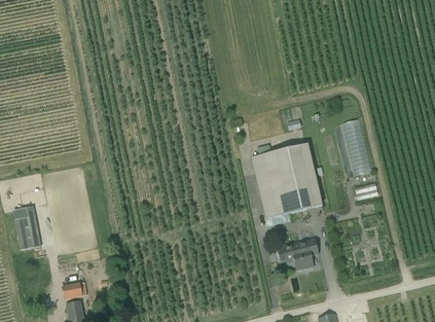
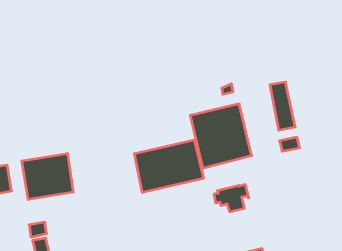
building: none -> [134,140,203,193]
building: none -> [22,153,73,200]

